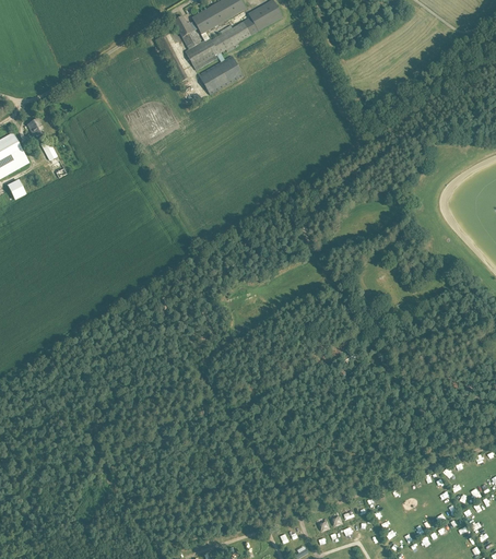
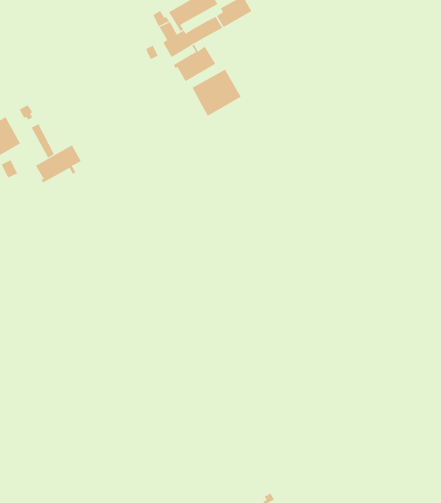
building: none -> [192,69,241,117]
building: none -> [35,144,82,183]

